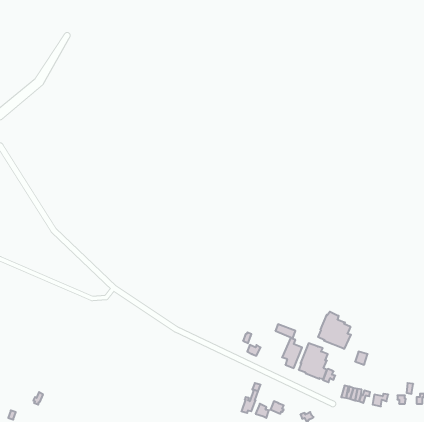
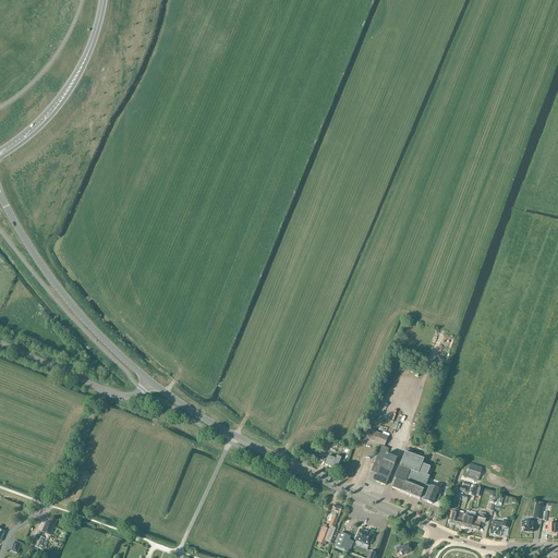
building: [318,312,351,349] -> none

